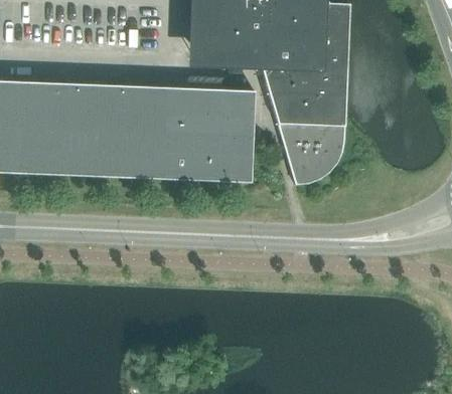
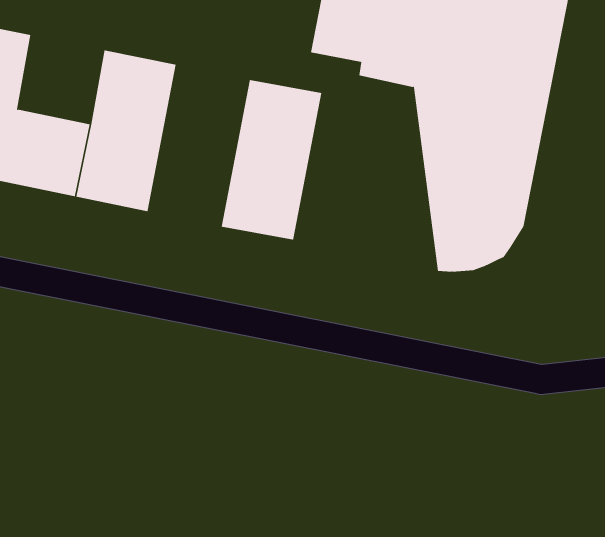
building: [26,80,72,129] -> none
building: [115,84,163,178] -> none
building: [205,87,255,181] -> none

